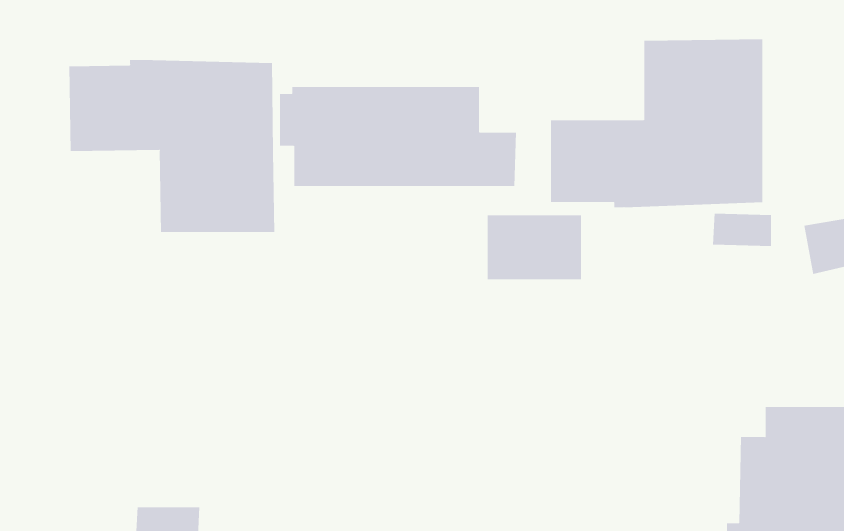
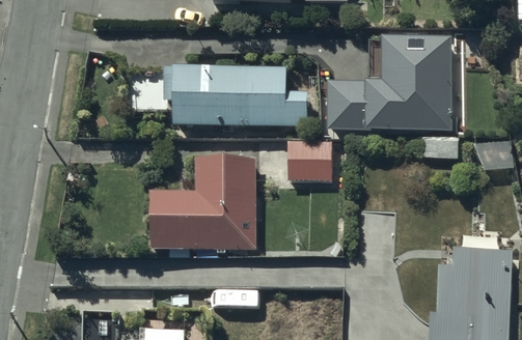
building: [69,59,275,233] -> none
building: none -> [150,158,256,250]

